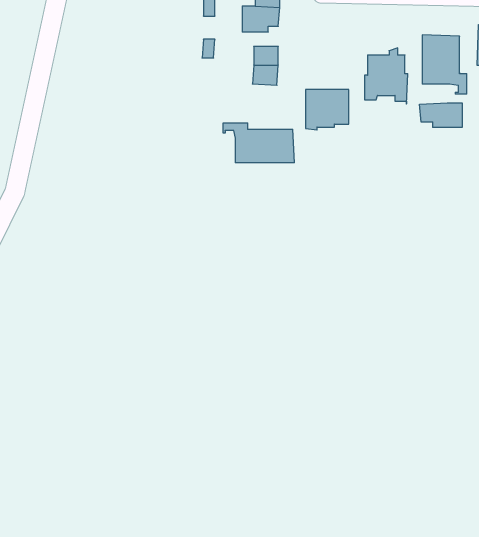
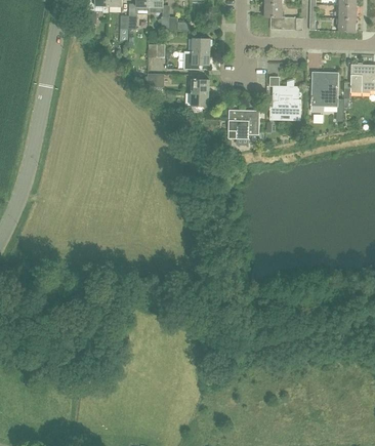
building: [420,103,462,127] -> none
building: [223,123,294,163] -> none

